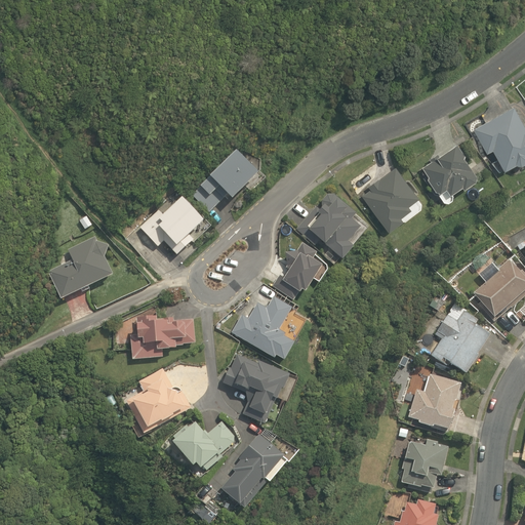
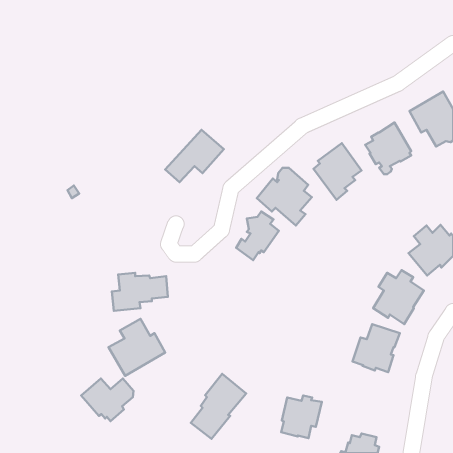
building: [139,195,210,254] -> none
building: [47,236,113,299] -> none
building: [232,296,293,360] -> none
building: [221,354,289,422] -> none
building: [172,421,233,471] -> [81,379,134,421]
building: [401,440,448,489] -> [281,396,322,438]

